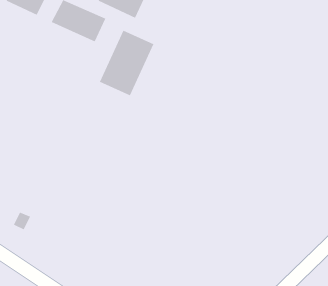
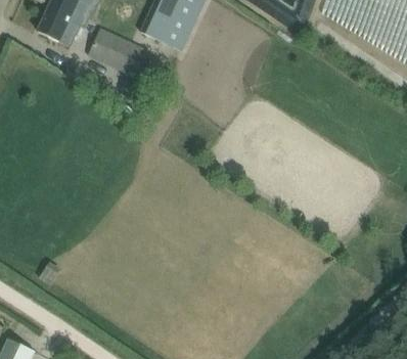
building: [99,30,154,96] -> none

